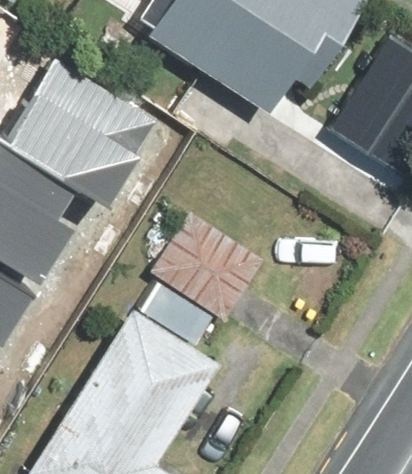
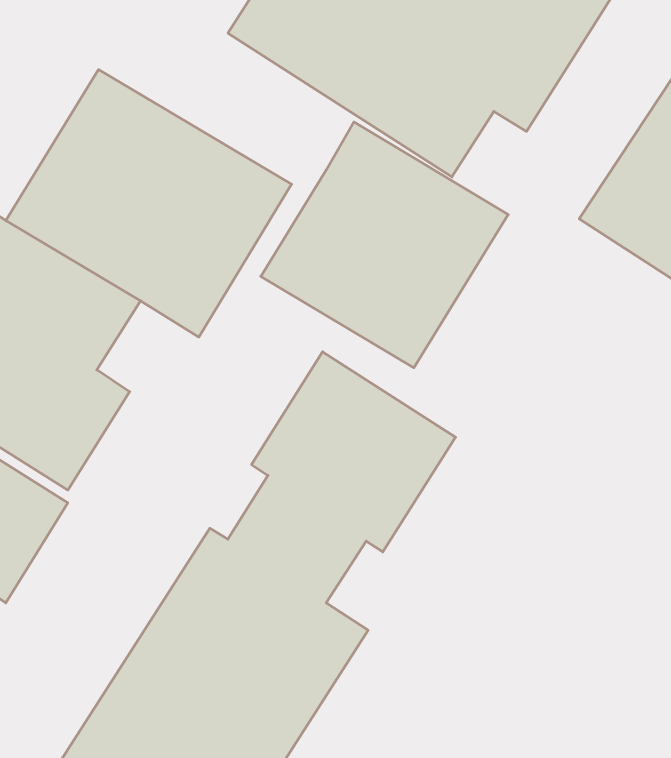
building: none -> [261,122,508,368]

